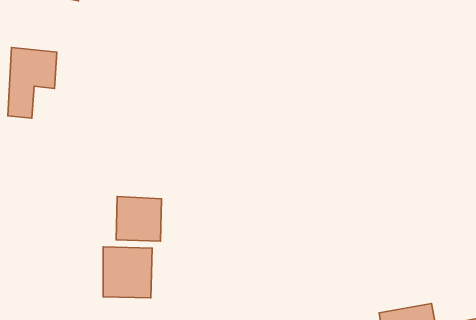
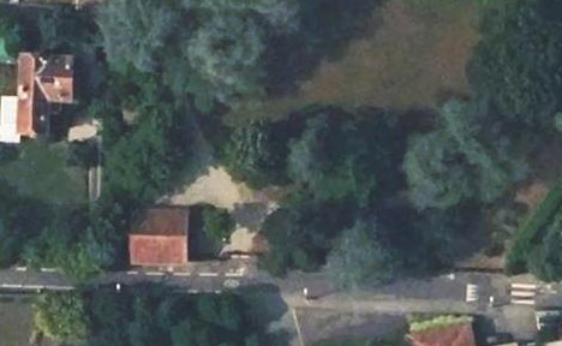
building: [103,247,152,298] -> none

